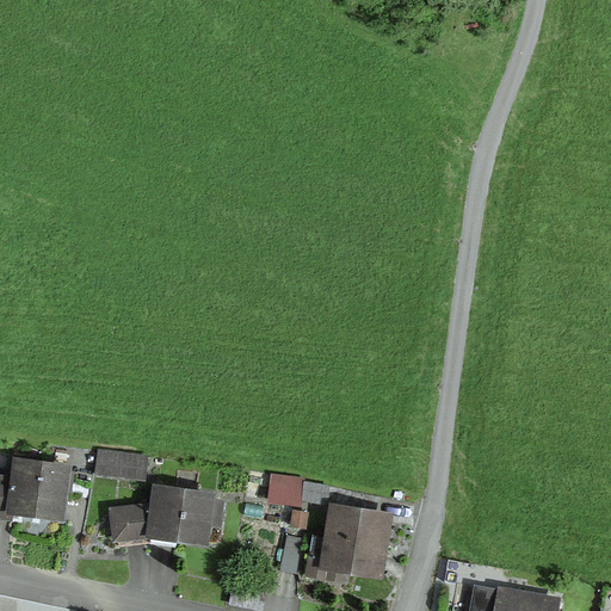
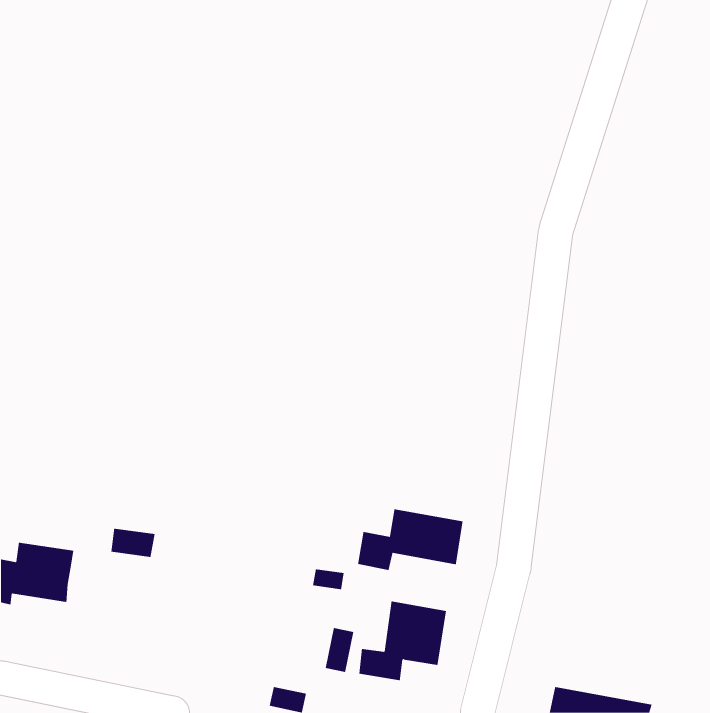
building: none -> [357,509,463,571]
building: [116,488,223,544] -> none

